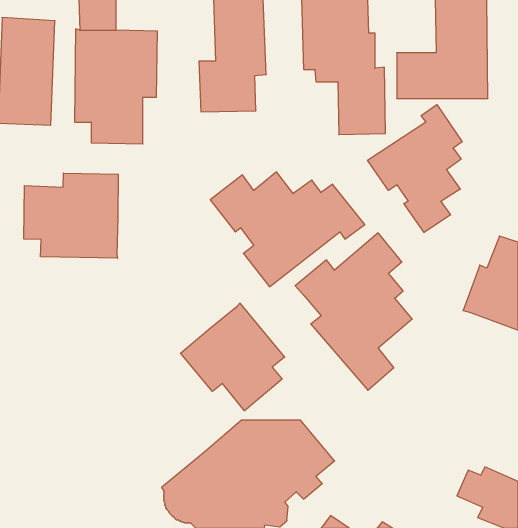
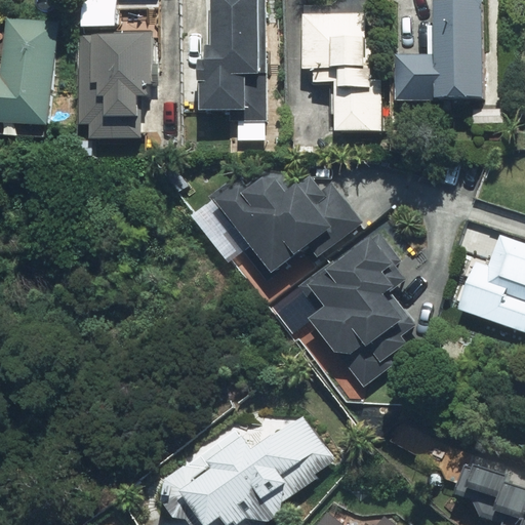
building: [368,105,462,233] -> none
building: [24,173,118,258] -> none
building: [181,303,285,411] -> none

